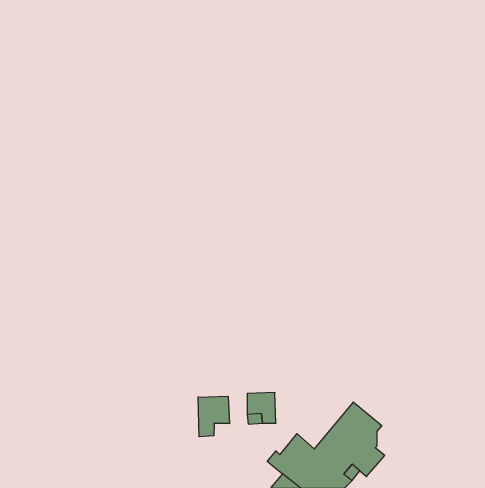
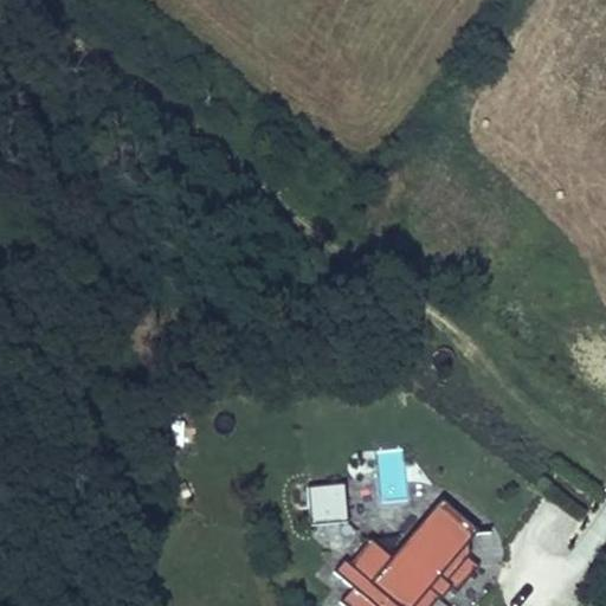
building: [198,396,230,437] -> none

